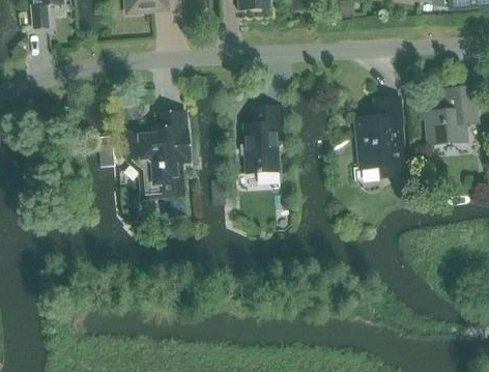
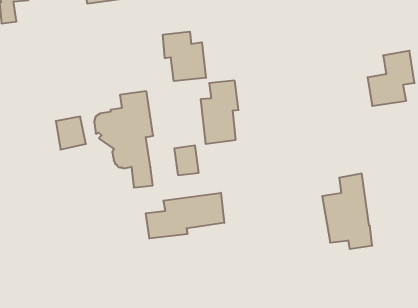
building: none -> [163,32,206,81]
building: [355,95,406,176] -> [322,174,372,249]
building: none -> [146,193,224,239]

